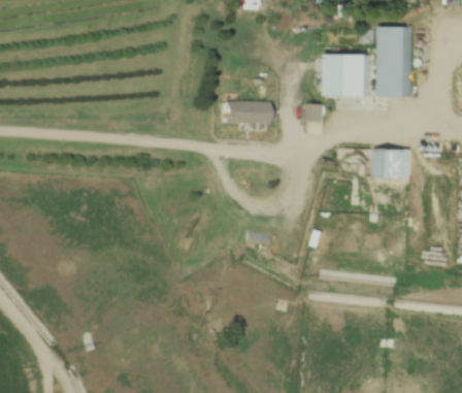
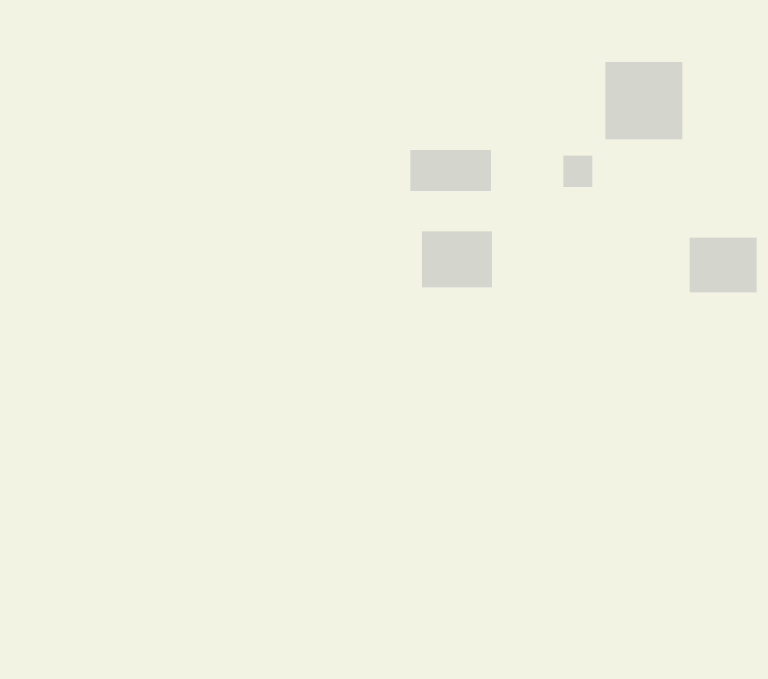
building: [376,27,407,96] -> none
building: none -> [421,231,493,288]

